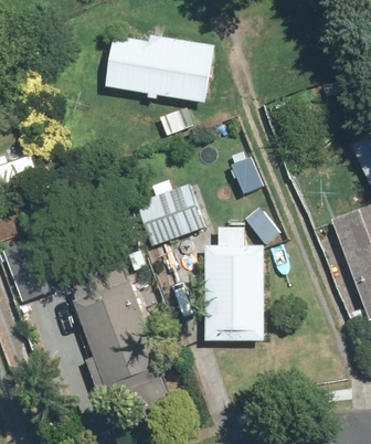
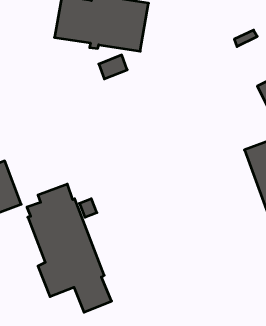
building: [132,179,204,246] -> none
building: [202,244,267,341] -> none

